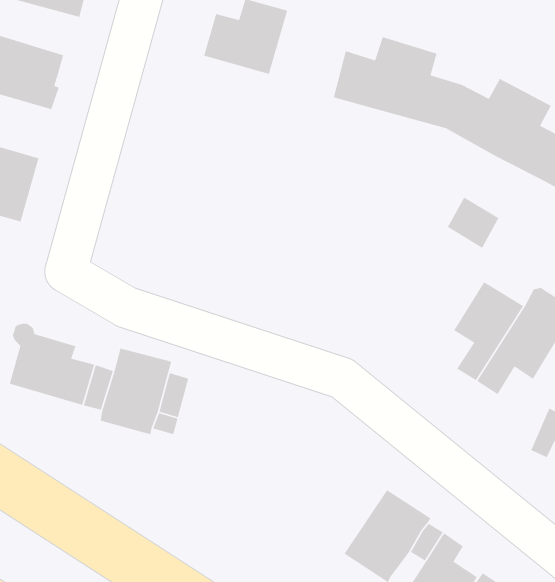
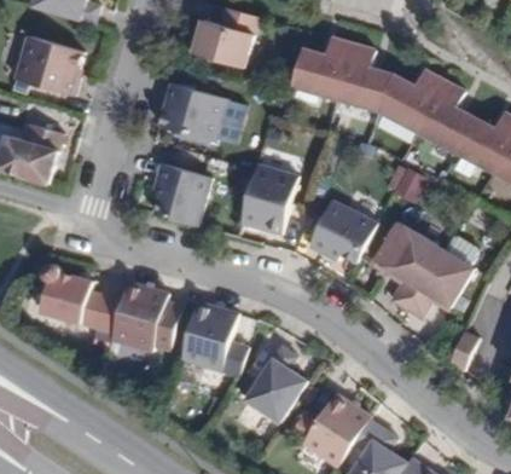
building: none -> [158,81,227,141]
building: none -> [151,162,207,226]
building: none -> [239,164,297,235]
building: none -> [308,201,377,262]
building: none -> [180,301,237,371]
building: none -> [244,346,307,422]

